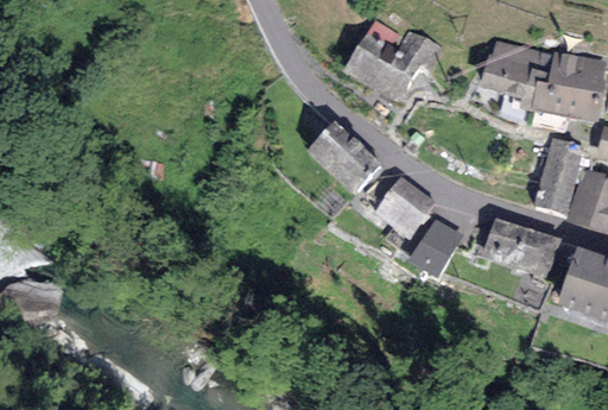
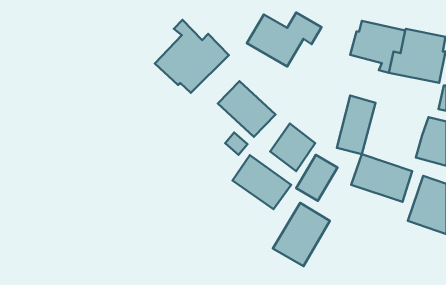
building: none -> [155,20,229,93]
building: [533,137,584,214] -> [337,95,375,154]
building: none -> [232,155,291,209]
building: none -> [273,203,330,266]

